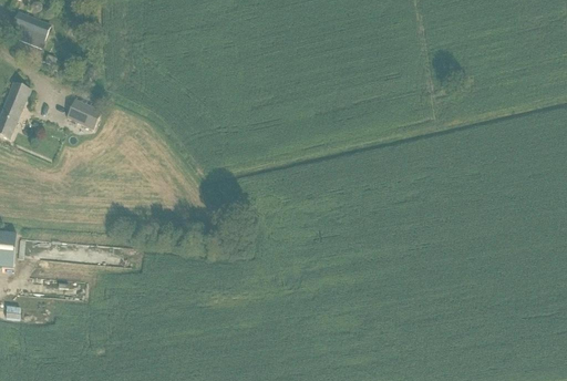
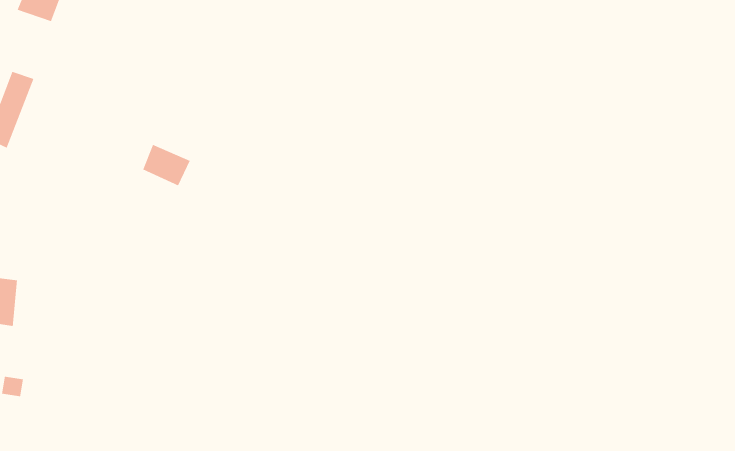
building: [66,97,102,128] -> [142,144,191,187]

